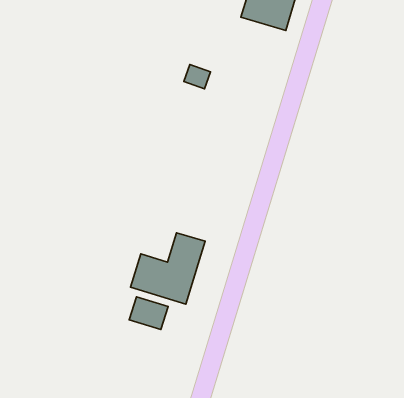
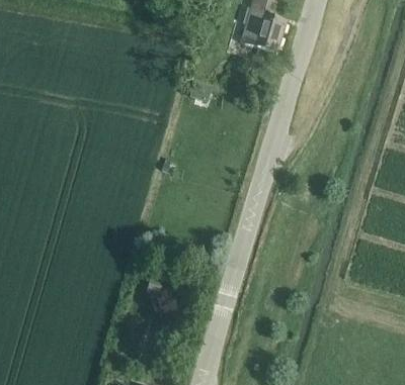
building: [131,233,205,304] -> none

